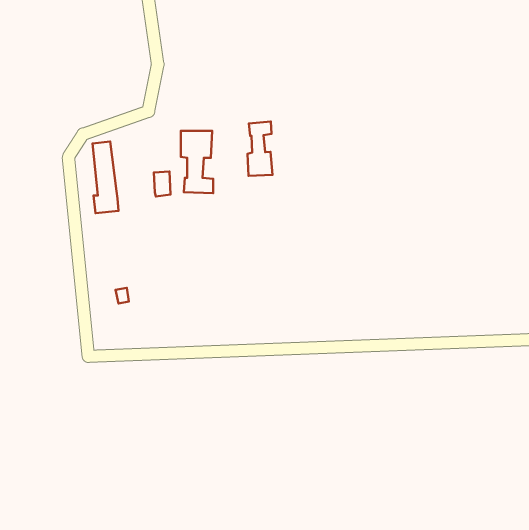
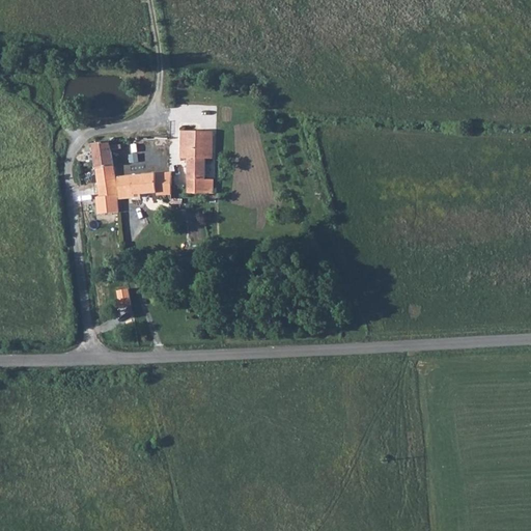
building: [248,122,272,176] -> none
building: none -> [116,172,155,198]

